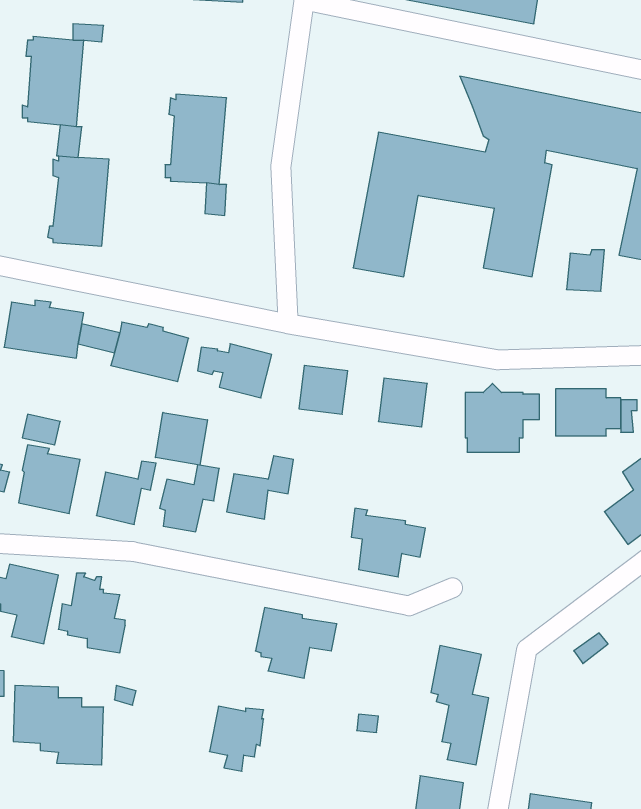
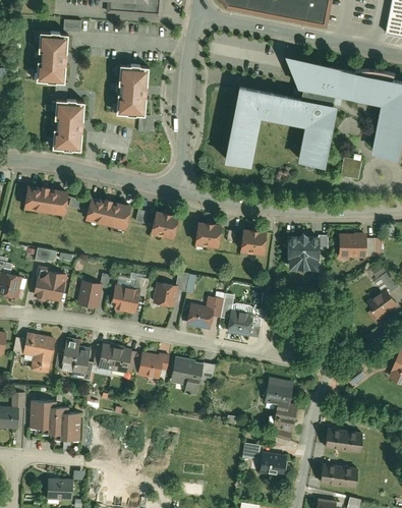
building: [155,412,207,465] -> none
building: none -> [183,291,225,329]
building: none -> [94,342,133,377]
building: [209,706,264,771] -> [138,351,169,388]
building: none -> [324,426,361,453]

